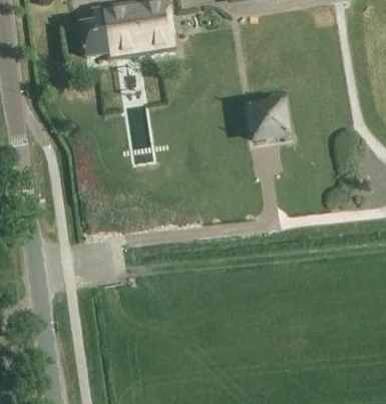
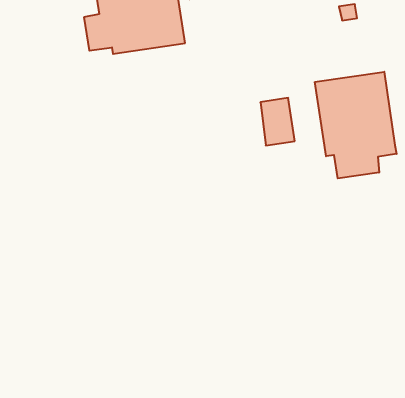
building: none -> [315,72,397,178]

